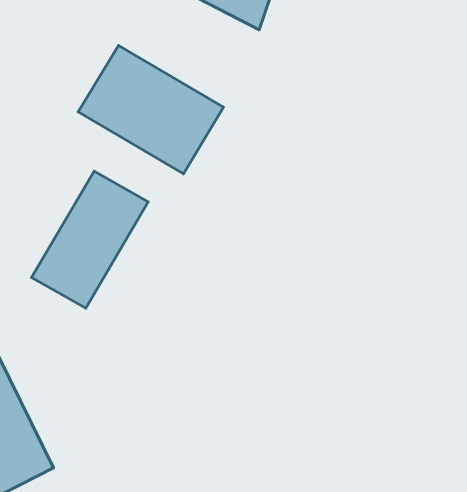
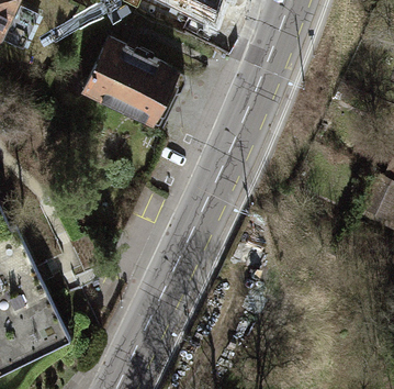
building: [32,171,148,308] -> none

